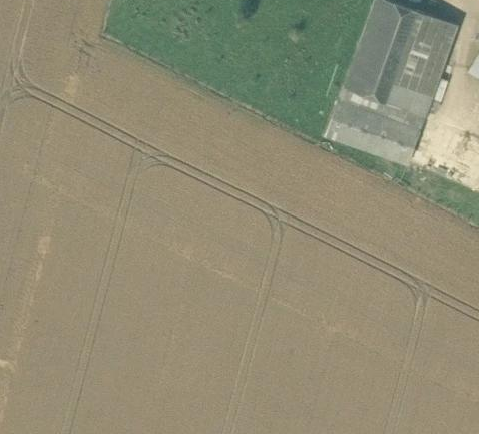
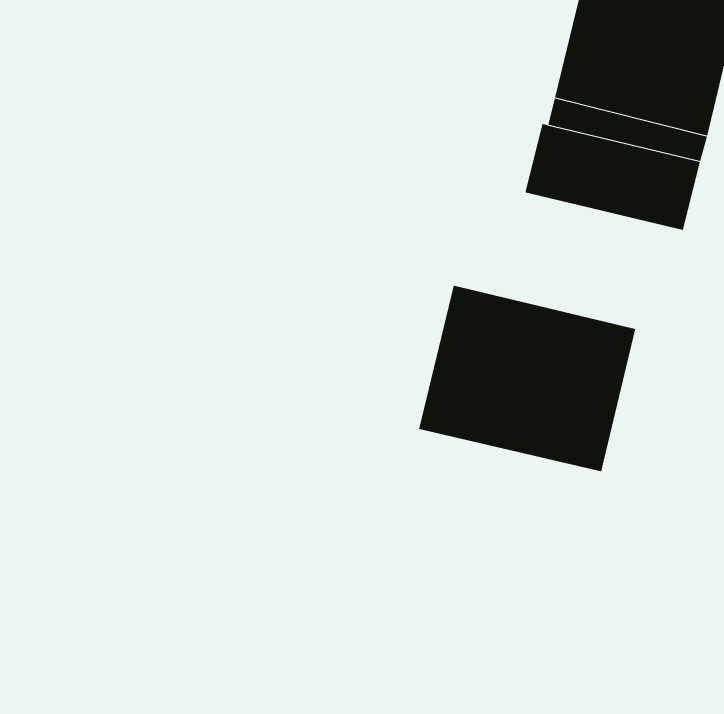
building: none -> [418,285,636,472]

